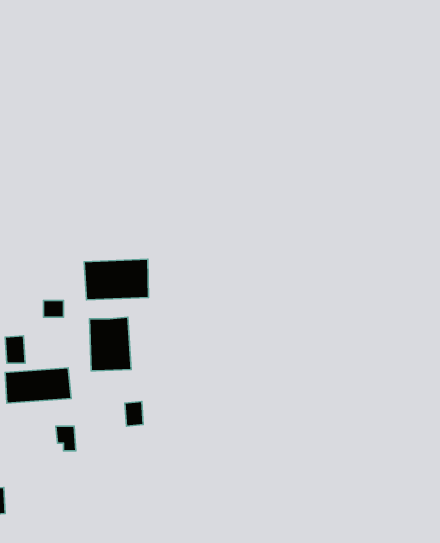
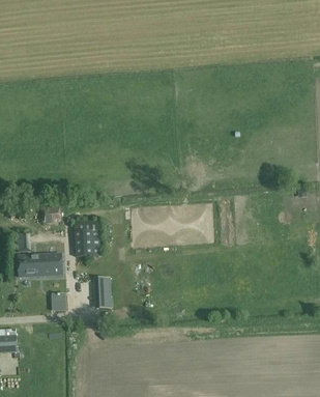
building: [84,259,148,300] -> none

